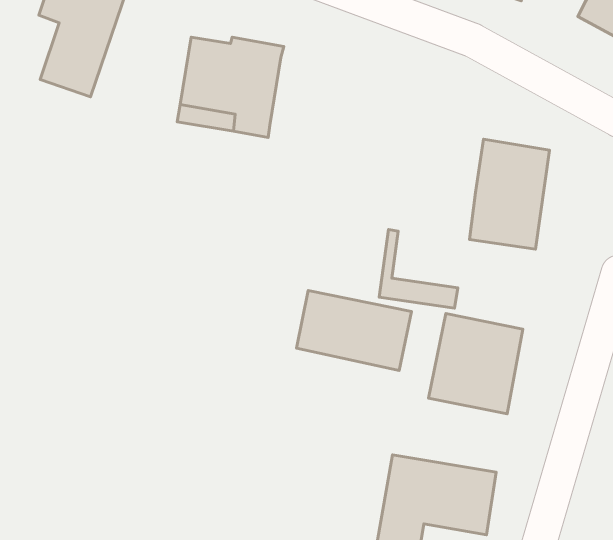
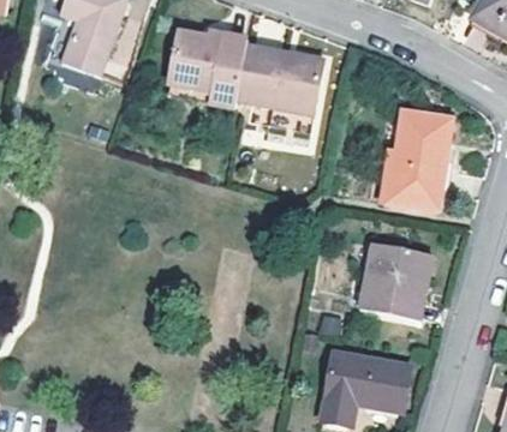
building: none -> [238,47,322,112]
building: [379,230,458,308] -> [381,149,441,209]
building: [296,290,412,370] -> none

